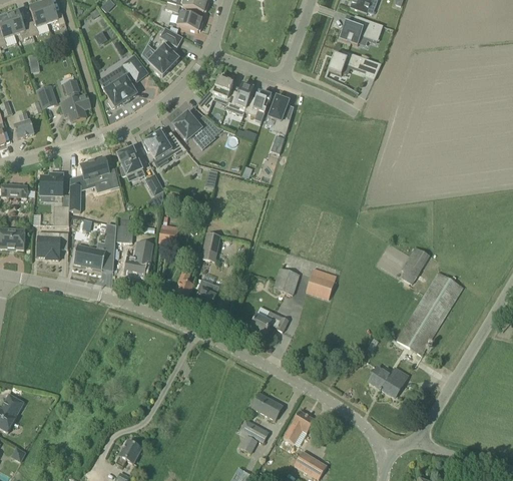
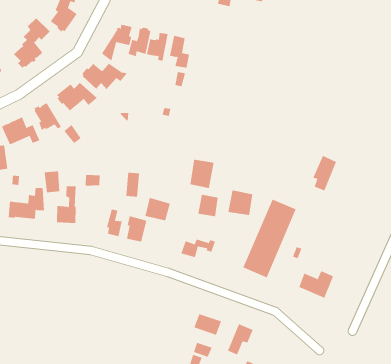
building: none -> [190,159,214,189]
building: none -> [145,197,171,221]
building: [397,271,463,354] -> [243,199,297,278]

